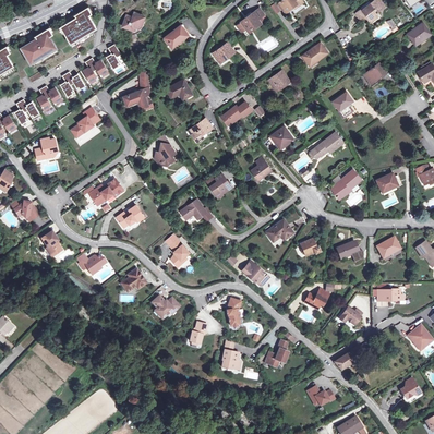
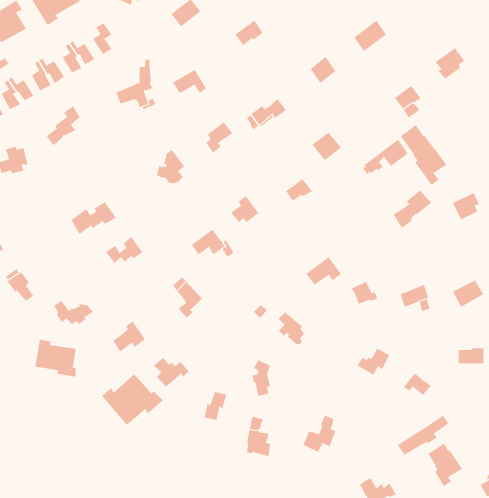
building: none -> [400,124,447,186]
building: none -> [35,339,76,378]
building: none -> [101,373,164,426]
building: none -> [428,443,463,487]

